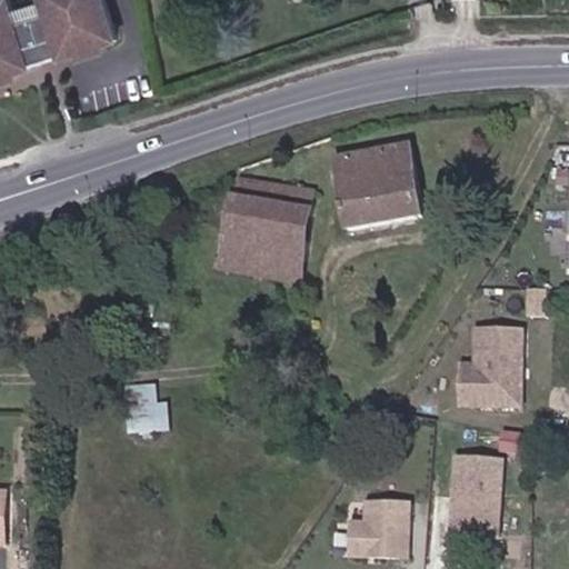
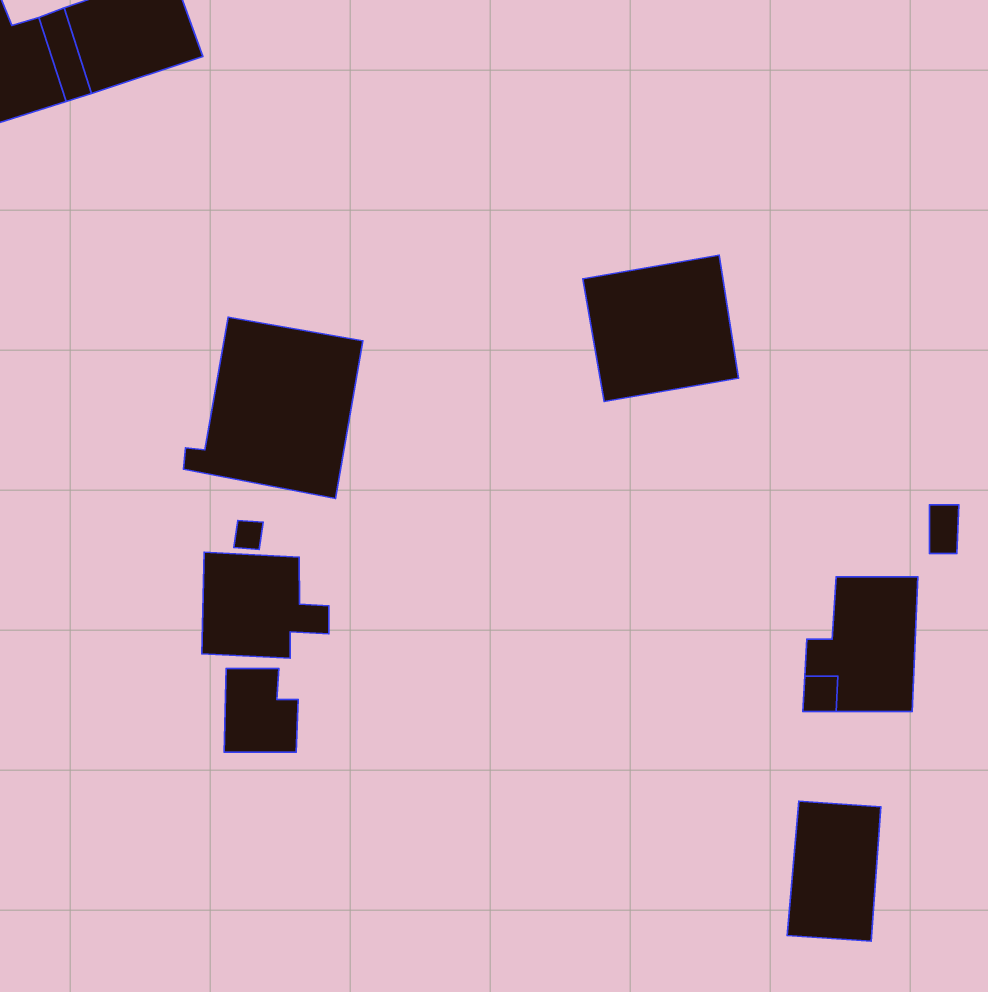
building: [210,178,312,281] -> [183,317,363,499]
building: none -> [202,552,329,658]
building: [347,502,408,557] -> none

